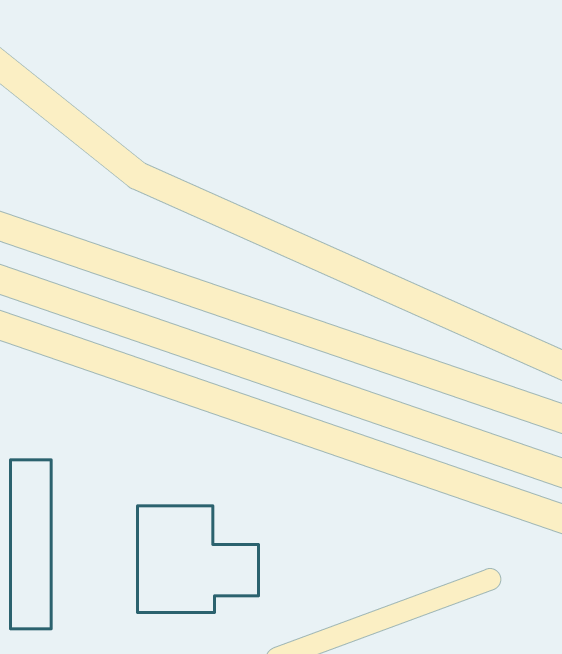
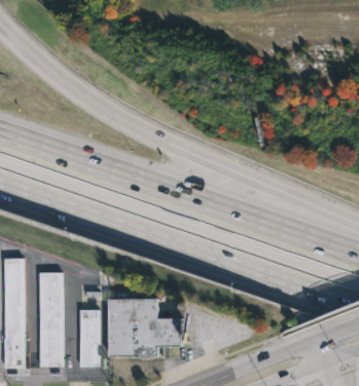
building: none -> [79,309,99,366]

